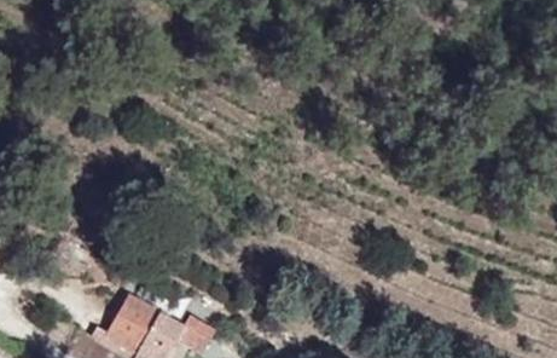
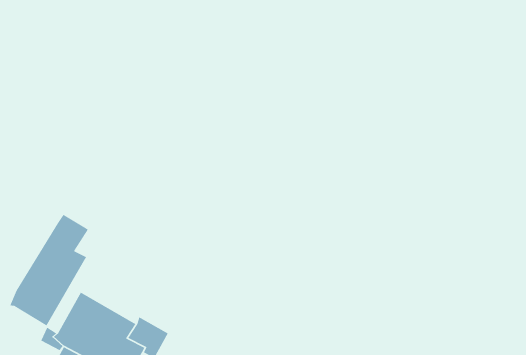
building: none -> [9,214,89,327]

